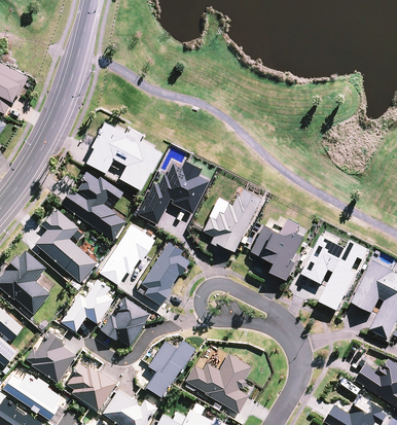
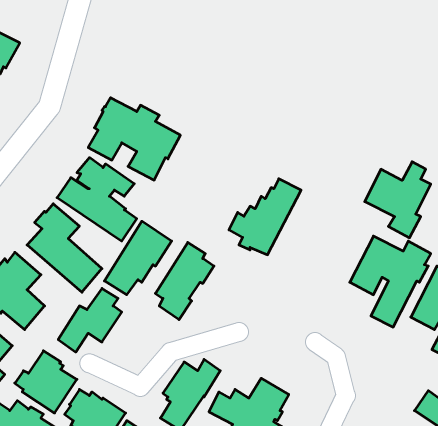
building: [137,161,208,224] -> none
building: [250,218,304,281] -> [365,162,431,238]
building: [100,296,149,345] -> none

